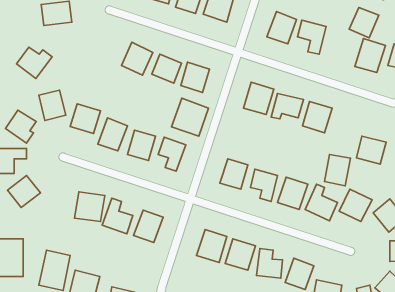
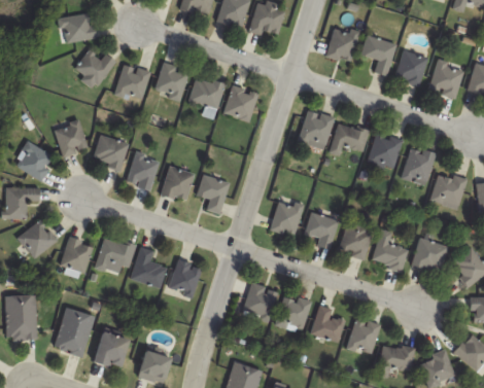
building: [349,7,379,38] -> [393,50,428,86]
building: none -> [113,63,149,102]
building: [17,47,52,79] -> [73,50,115,87]
building: [172,98,208,136] -> none
building: [324,155,351,186] -> [403,147,434,184]
building: none -> [59,237,95,273]

